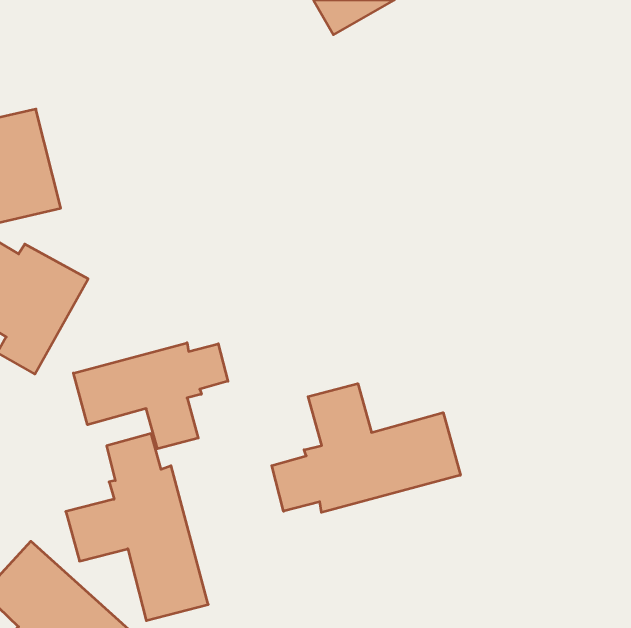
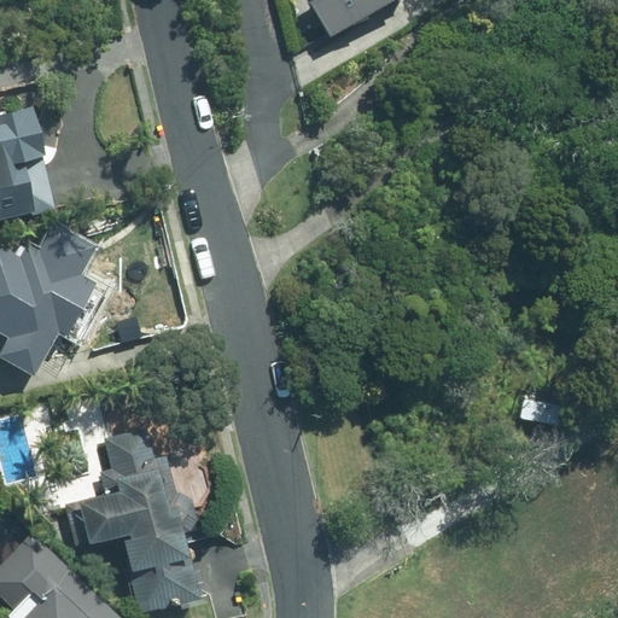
building: [73,343,228,449] -> none
building: [272,384,460,512] -> none

